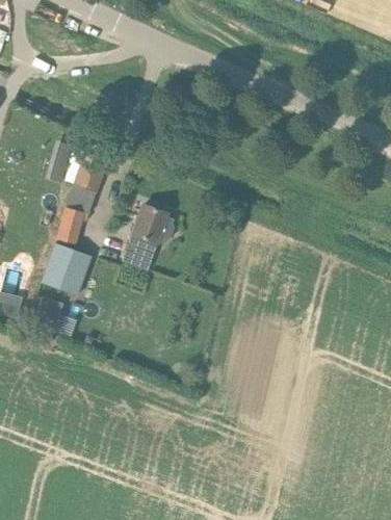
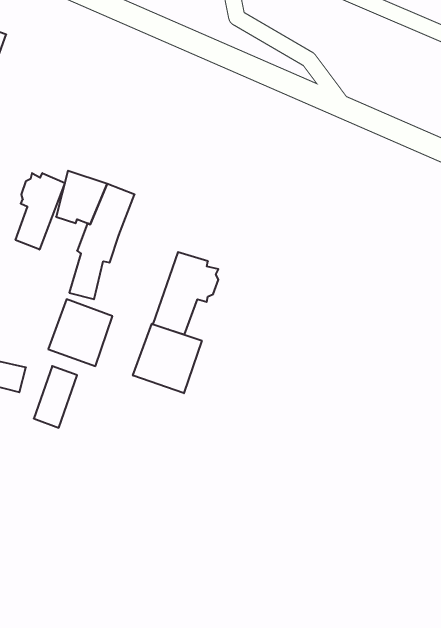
building: none -> [16,173,65,250]
building: none -> [133,324,202,393]

